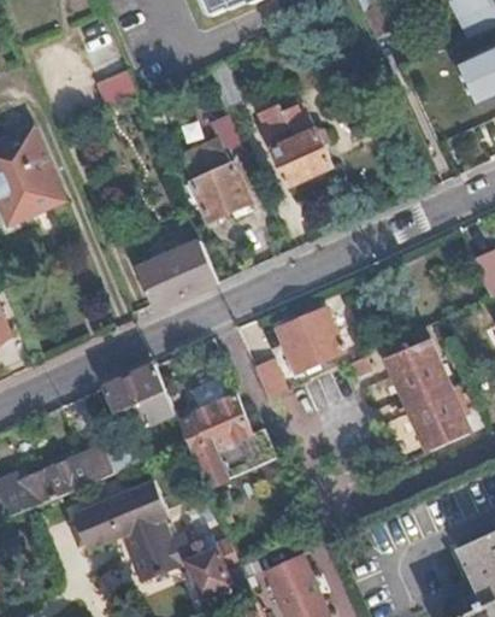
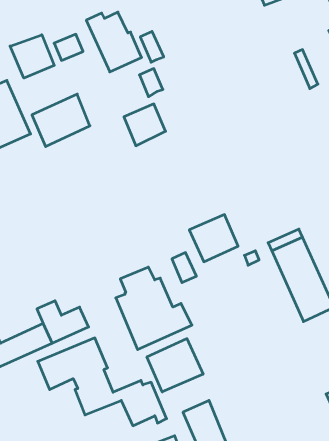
building: none -> [10,35,54,78]
building: [255,100,329,180] -> [86,12,142,72]
building: [145,240,222,310] -> [32,94,90,147]
building: [107,363,165,410] -> none
building: none -> [147,339,203,392]

